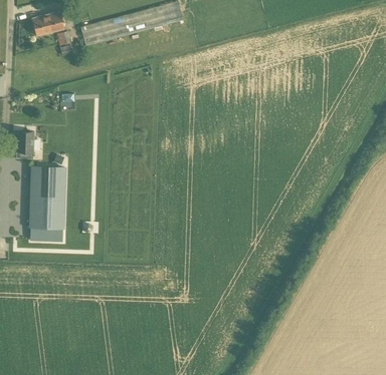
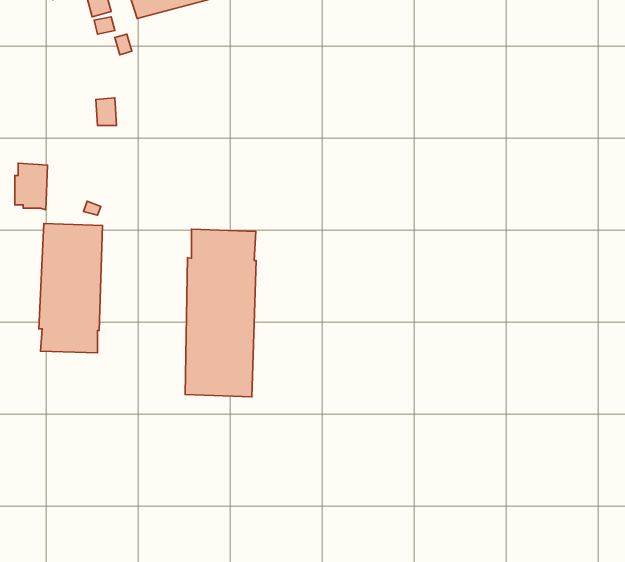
building: none -> [185,229,256,397]

